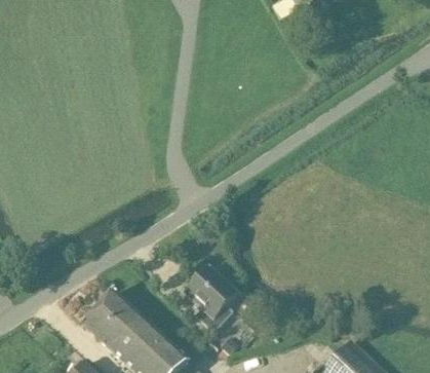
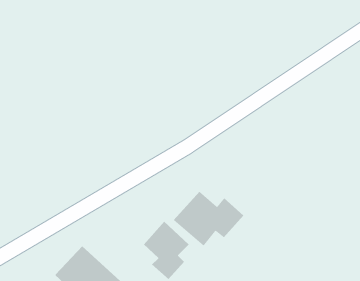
building: none -> [173,191,244,246]

